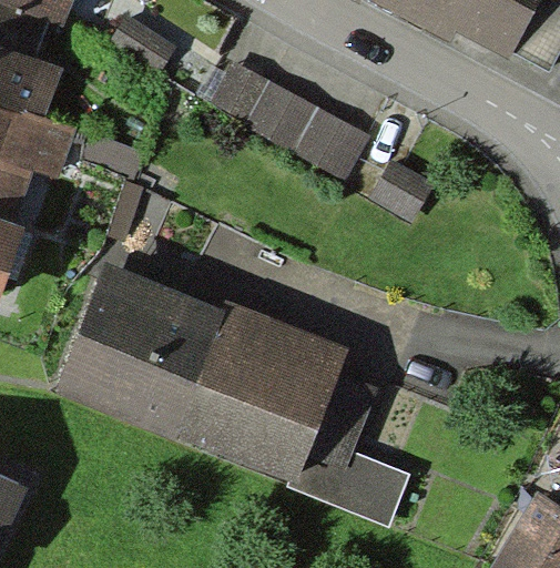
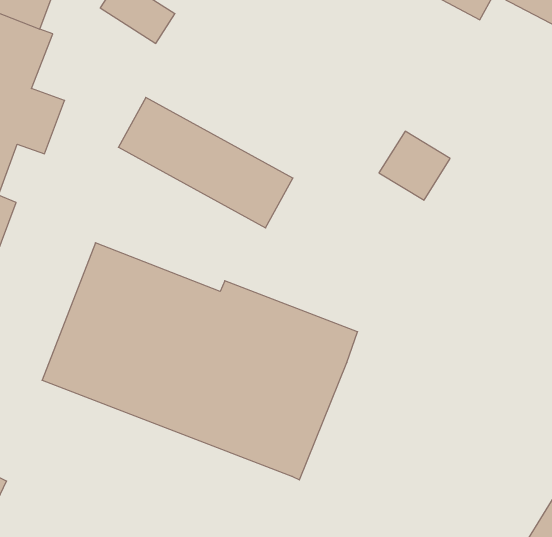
building: [207,61,370,183] -> [118,97,293,228]
building: [285,374,410,527] -> none

